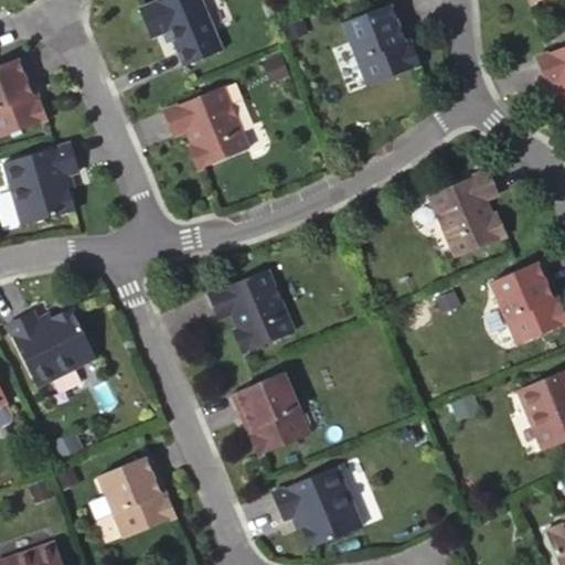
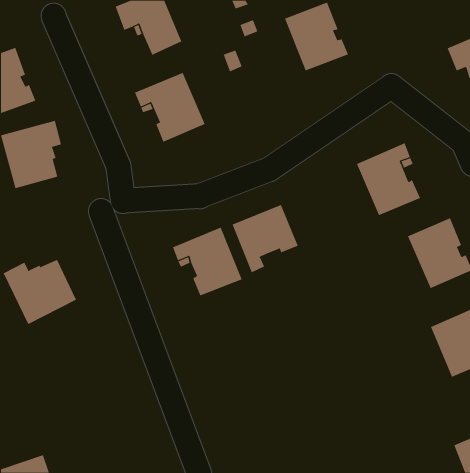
building: none -> [232,204,299,273]
building: [233,372,310,456] -> none
building: [97,455,175,539] -> none
building: [273,466,361,547] -> none

